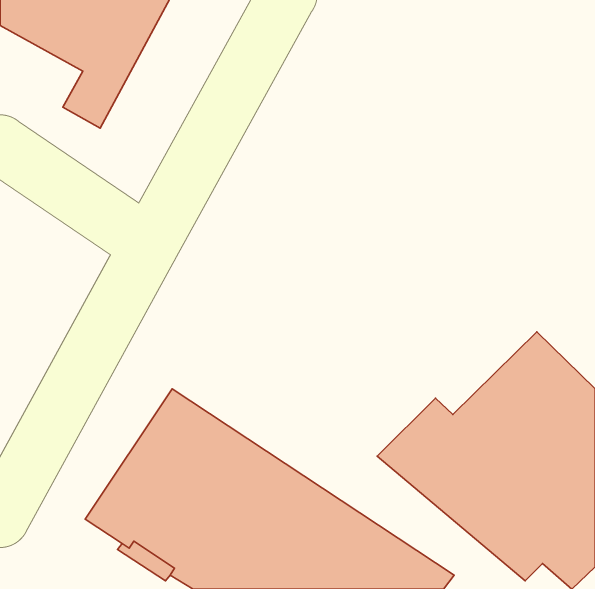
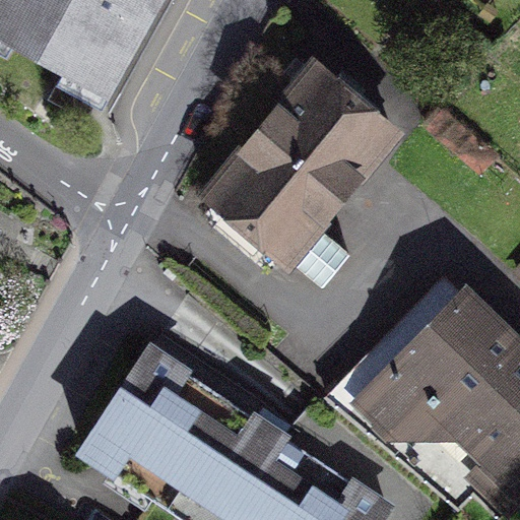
building: none -> [201,65,394,284]

